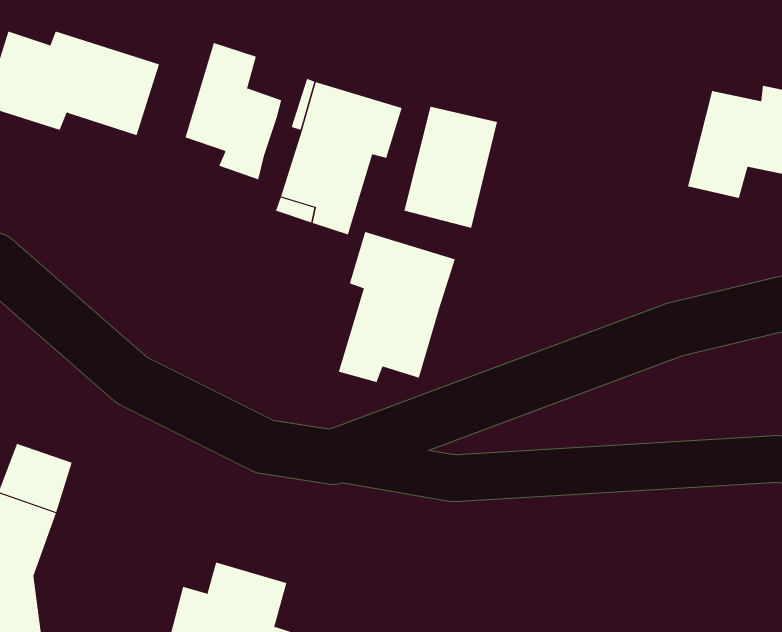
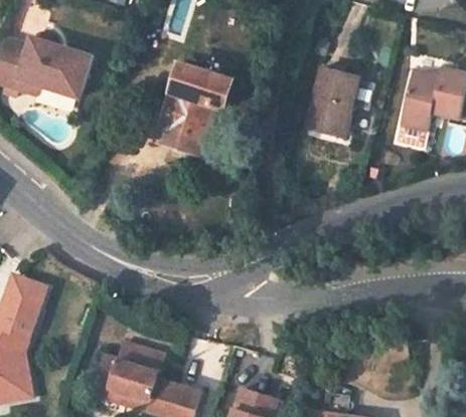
building: [185,42,282,180] -> none
building: [404,106,498,228] -> [304,69,358,140]
building: [338,231,455,383] -> none

